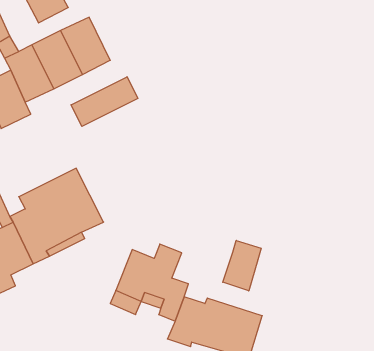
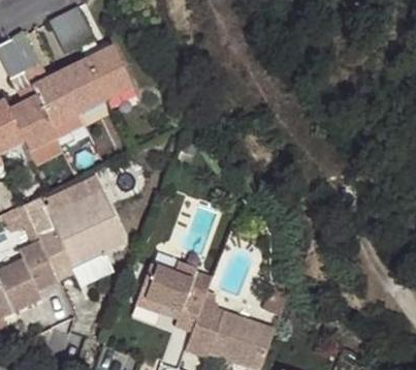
building: [71,77,138,126] -> none
building: [223,240,261,291] -> none

